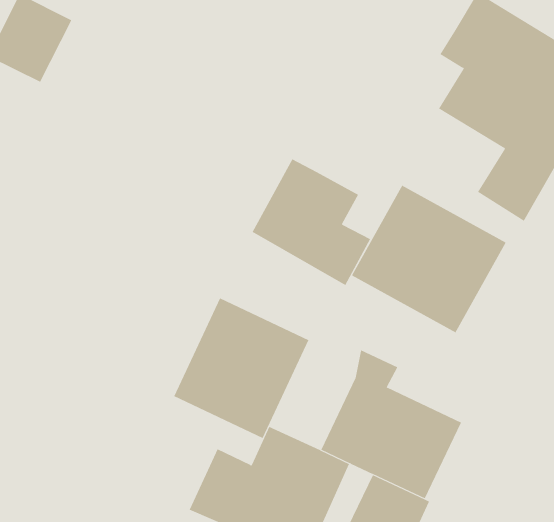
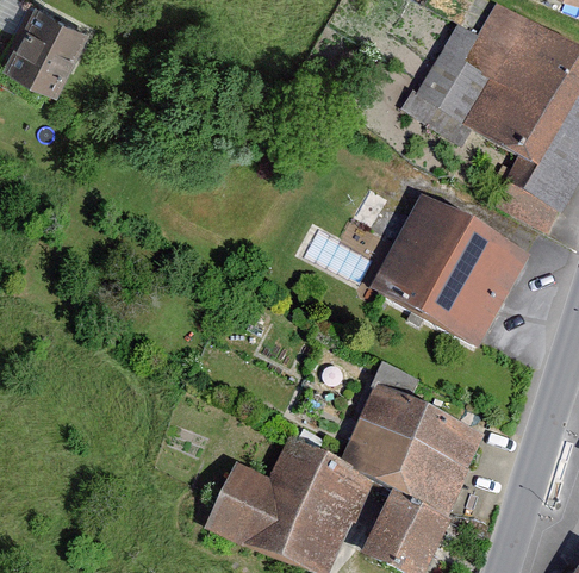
building: none -> [404,26,484,138]
building: [252,159,371,286] -> none
building: [173,298,309,439] -> none

